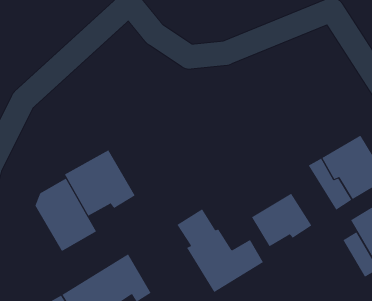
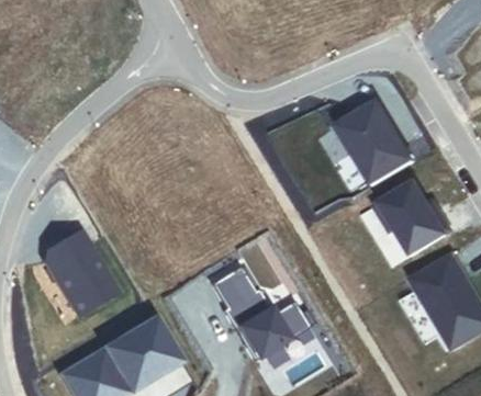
building: none -> [336,101,413,185]
building: [64,150,135,216] -> none
building: [251,193,312,247] -> none

